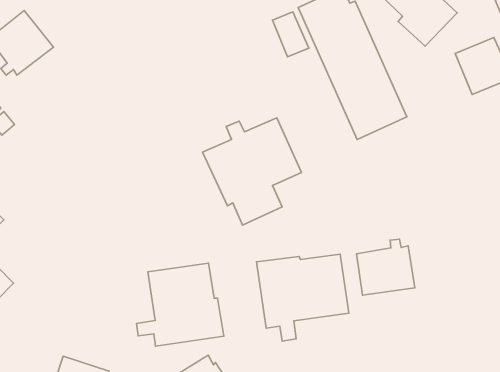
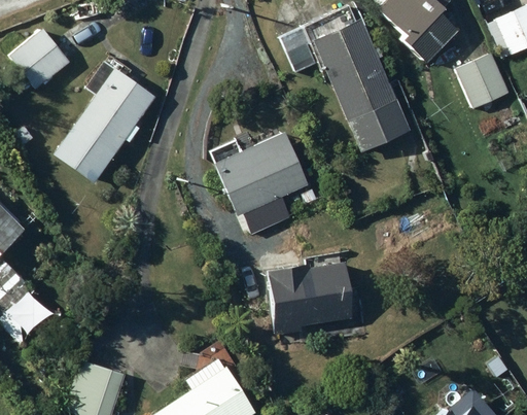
building: none -> [52,60,155,182]
building: [357,239,415,295] -> none
building: [137,263,224,346] -> none

